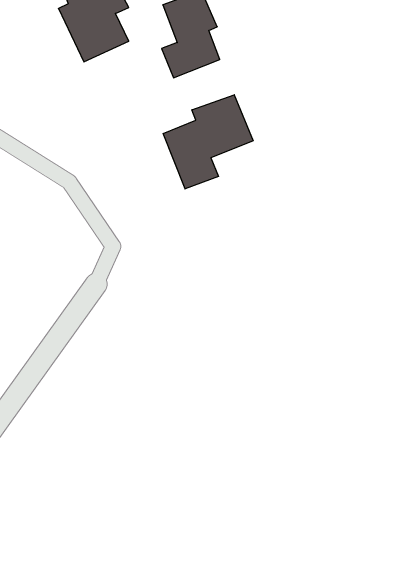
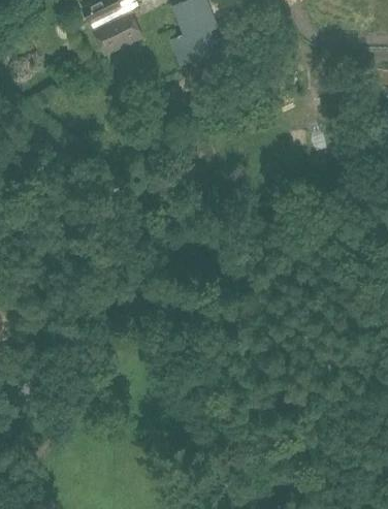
building: [163,95,253,189] -> none

